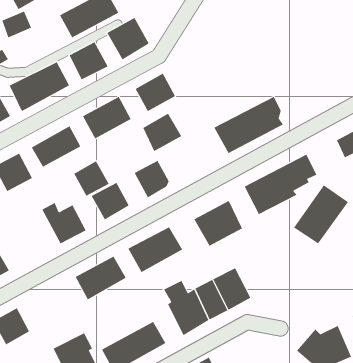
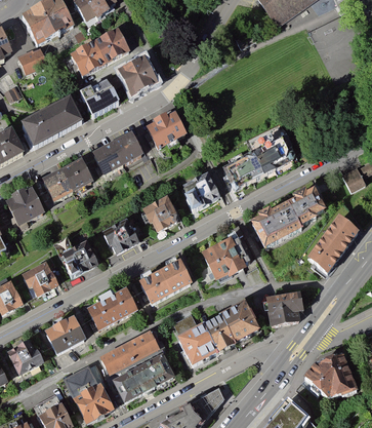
building: [142,113,182,152] -> [182,172,221,210]
building: [74,161,109,197] -> none
building: none -> [24,260,59,295]
building: none -> [266,289,304,325]
building: none -> [45,315,86,353]
building: none -> [101,330,161,374]

